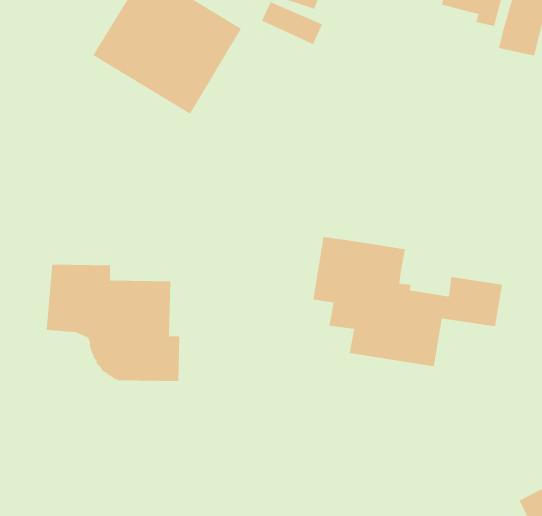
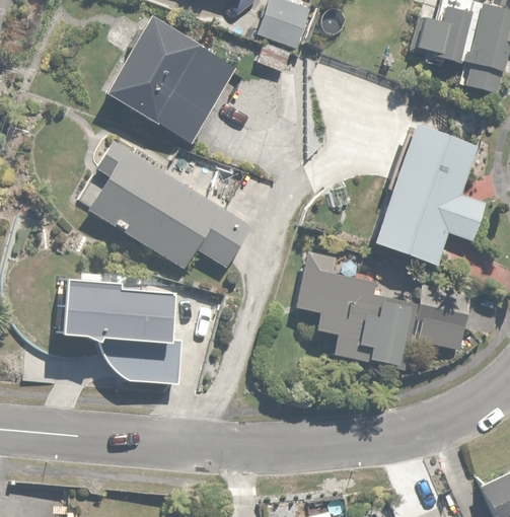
building: none -> [372,127,484,264]
building: none -> [88,142,248,269]

